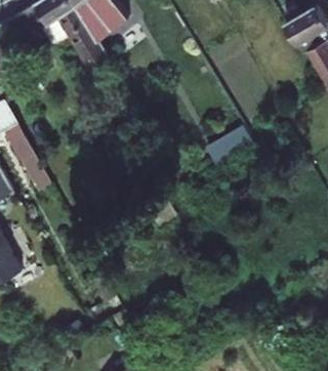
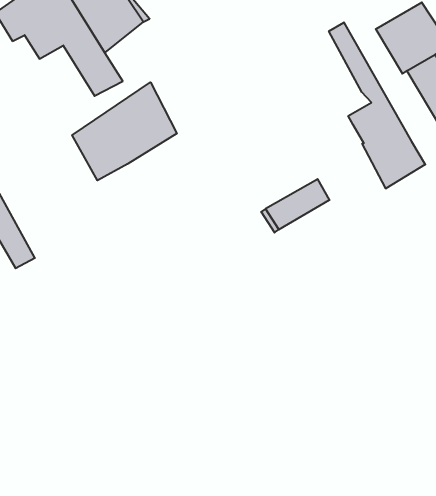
building: none -> [329,22,425,189]
building: none -> [72,82,177,180]

